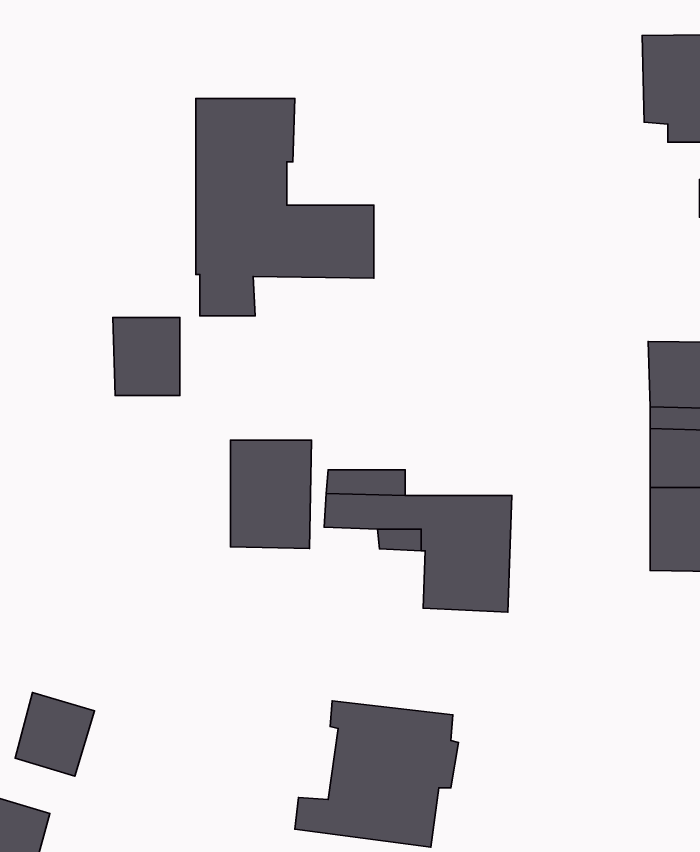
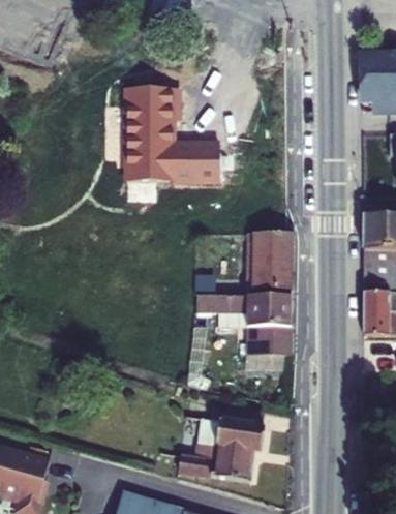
building: [113,318,180,395] -> none
building: [231,440,312,549] -> [250,233,293,290]
building: [15,692,94,776] -> none

